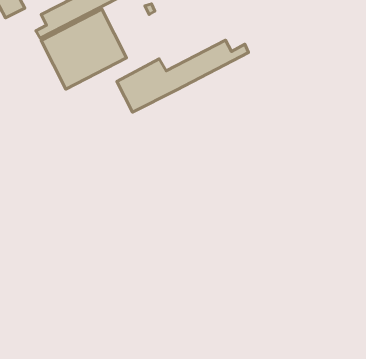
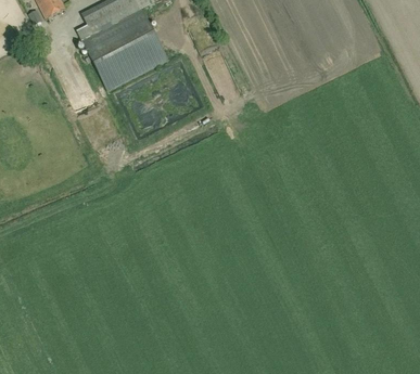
building: [117,40,249,112] -> none

